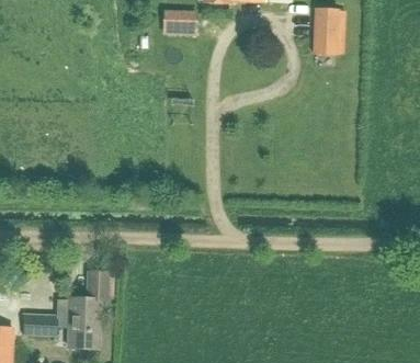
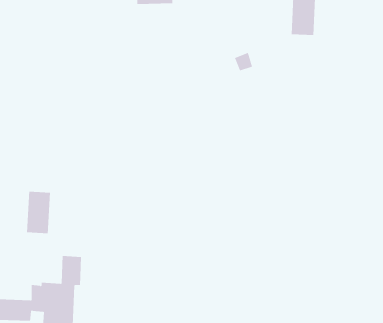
building: none -> [27,191,50,234]

